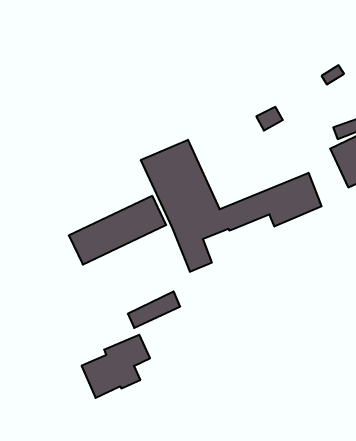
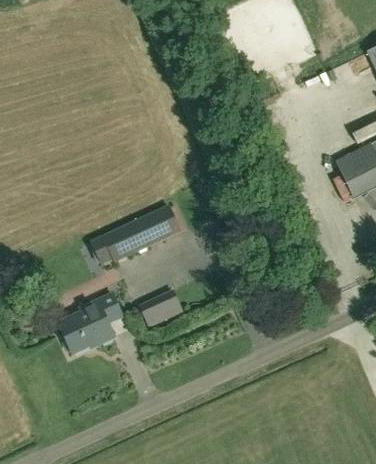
building: [141,140,322,272] -> none
building: [82,335,150,398] -> [58,294,122,353]

